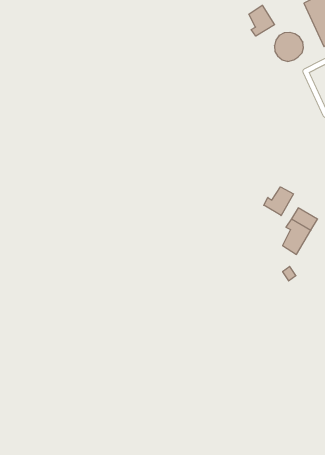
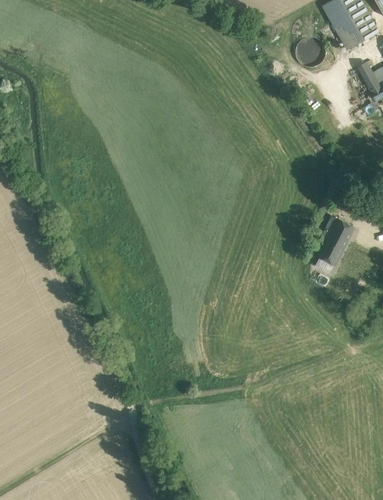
building: [249,5,275,36] -> none
building: [264,187,293,216] -> none

